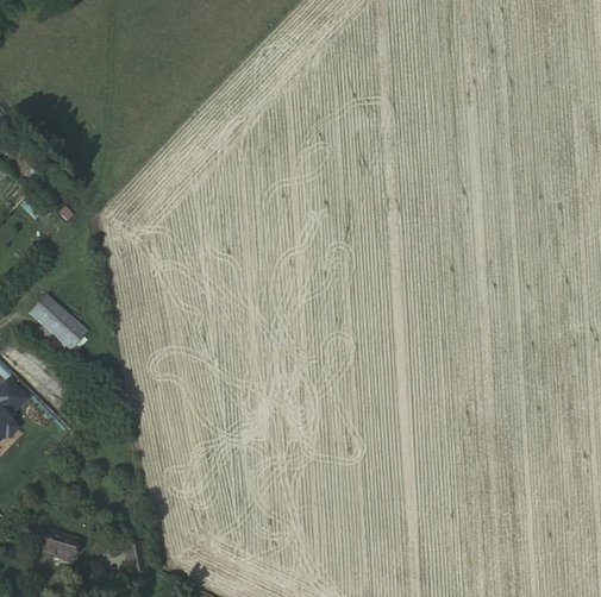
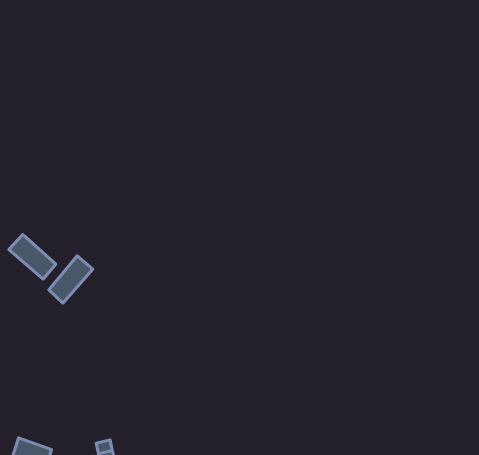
building: none -> [49,256,93,303]

